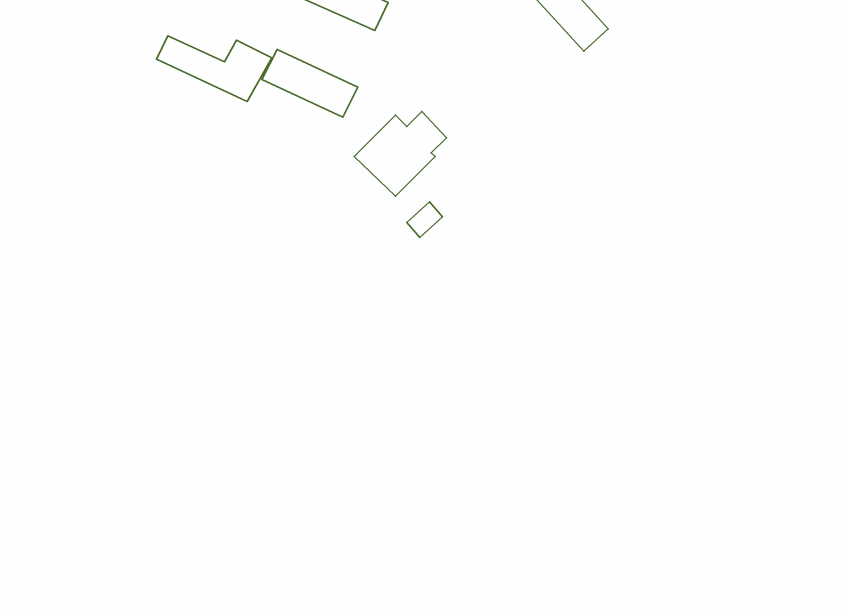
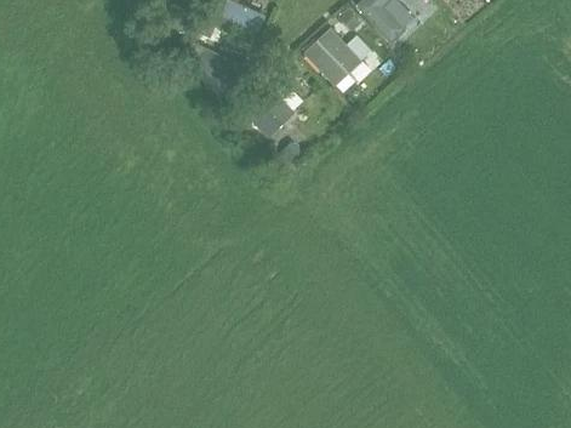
building: none -> [304,25,364,85]
building: [156,36,272,101] -> none

